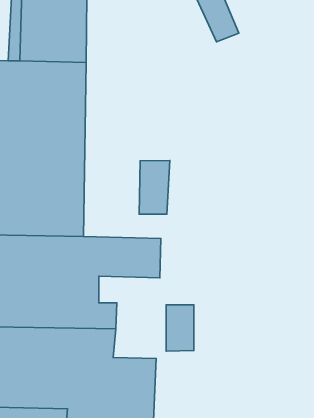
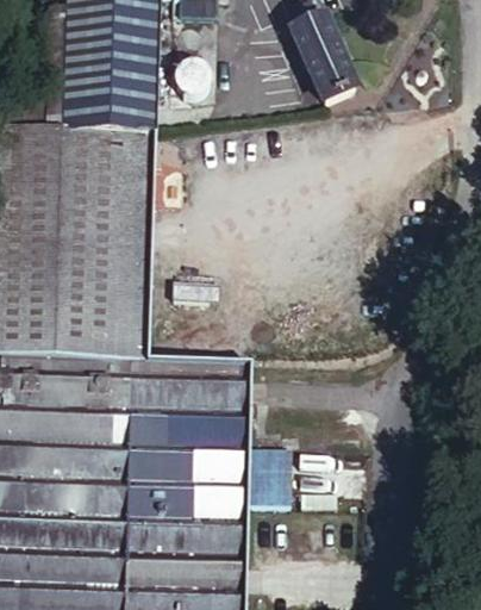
building: [139,160,170,214] -> none
building: none -> [167,417,248,527]

